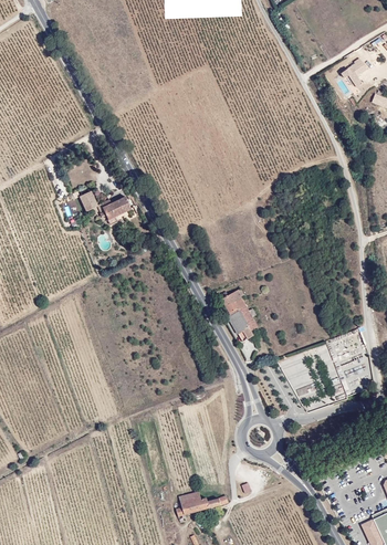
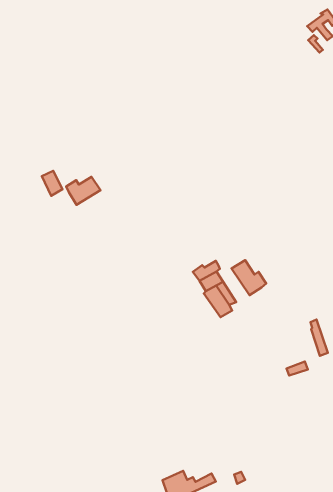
building: none -> [232,260,266,295]

